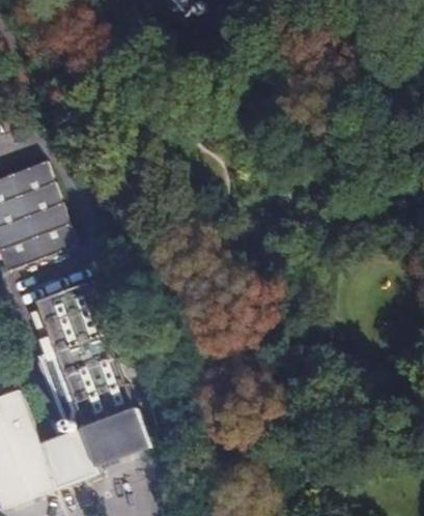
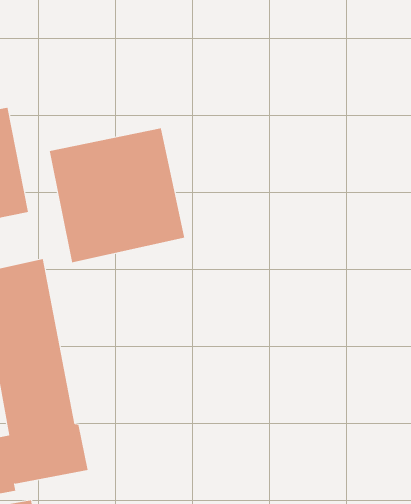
building: none -> [49,128,185,263]

